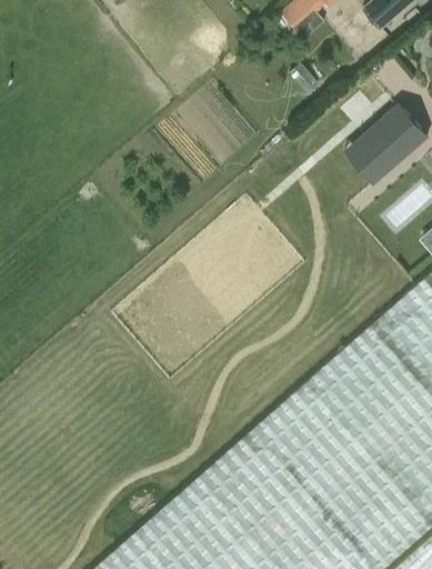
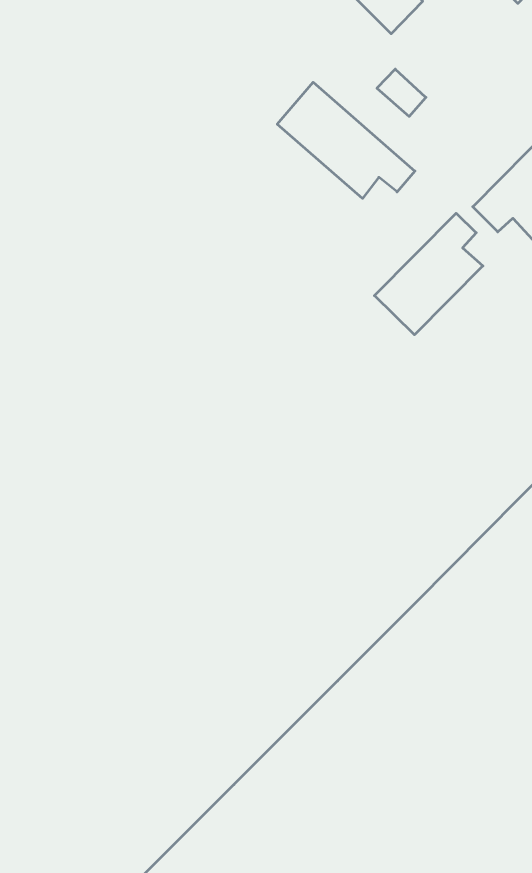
building: none -> [277,82,415,198]
building: none -> [374,213,483,335]

